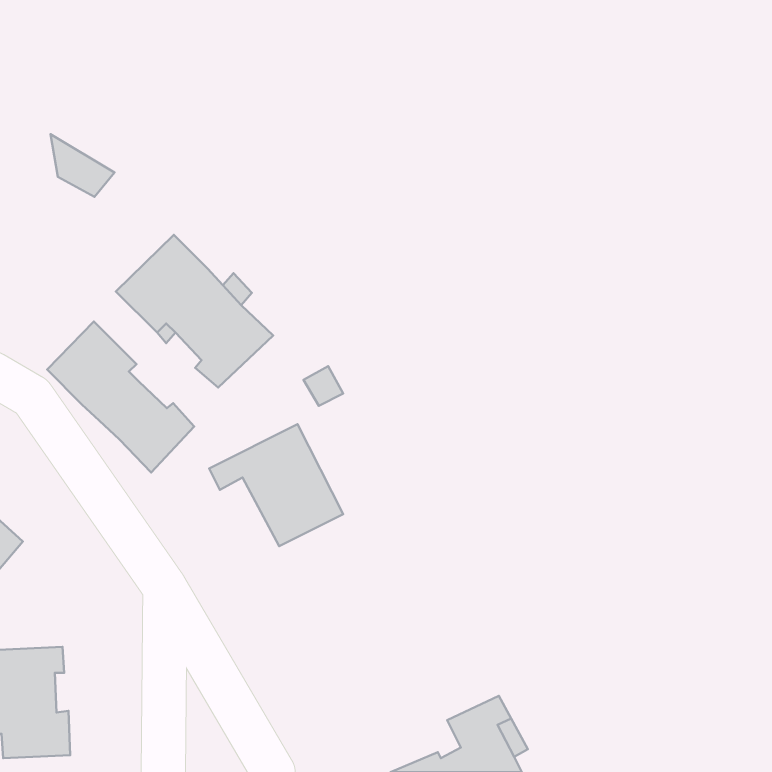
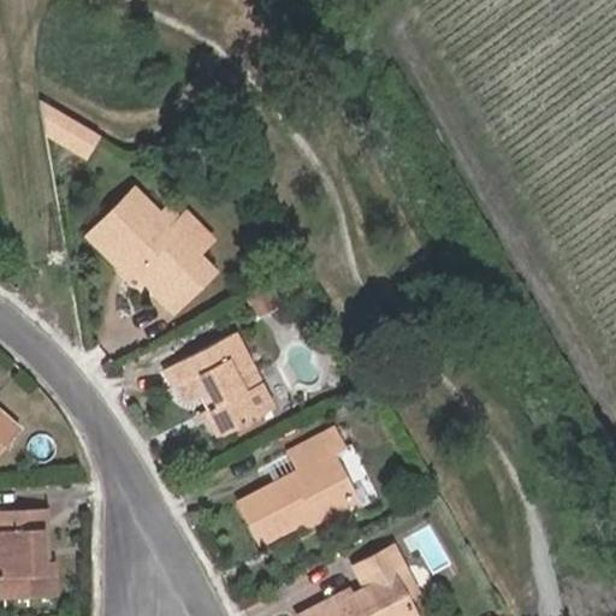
building: [47,321,194,473] -> none
building: none -> [241,437,354,539]

